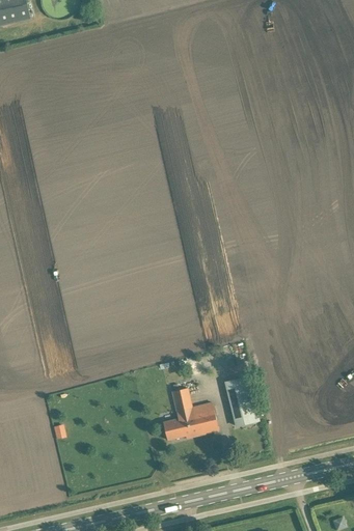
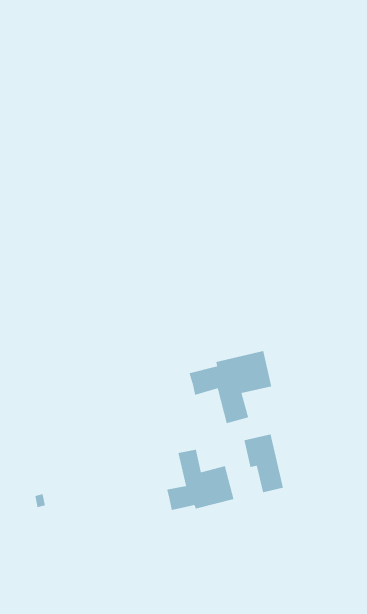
building: none -> [188,350,272,424]

